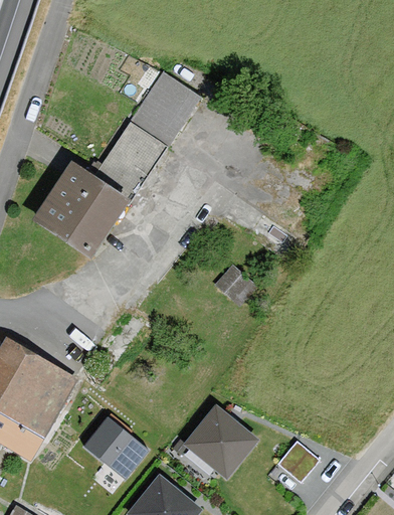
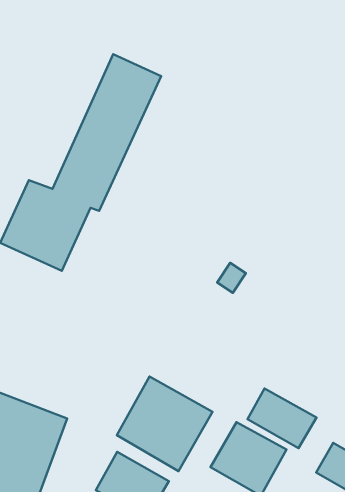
building: none -> [117,376,213,471]
building: none -> [248,389,316,448]

